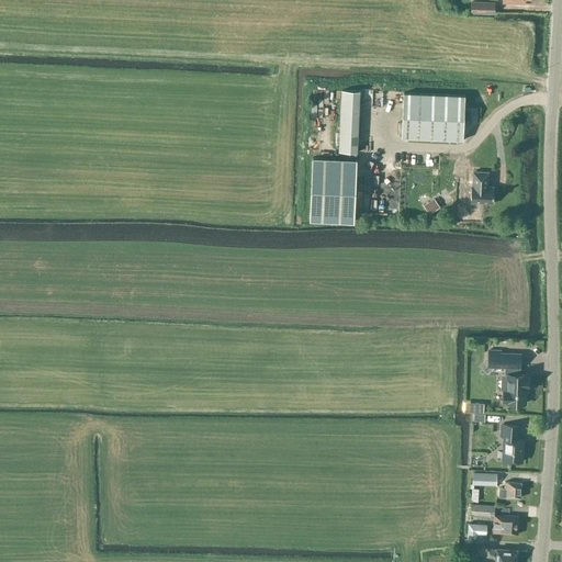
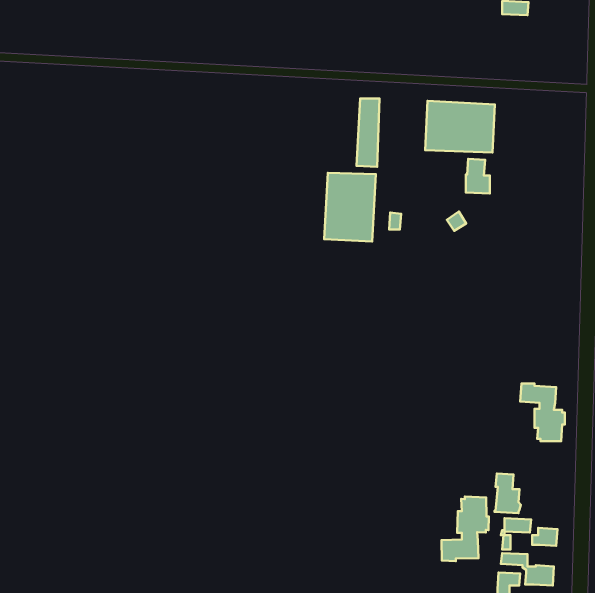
building: [472,172,494,204] -> [466,159,490,194]
building: [501,426,525,462] -> [494,473,521,513]
building: none -> [442,496,489,561]

